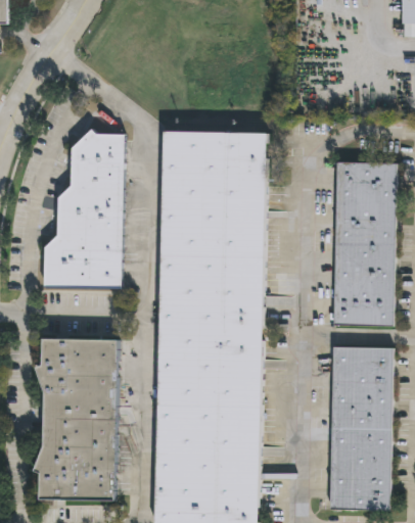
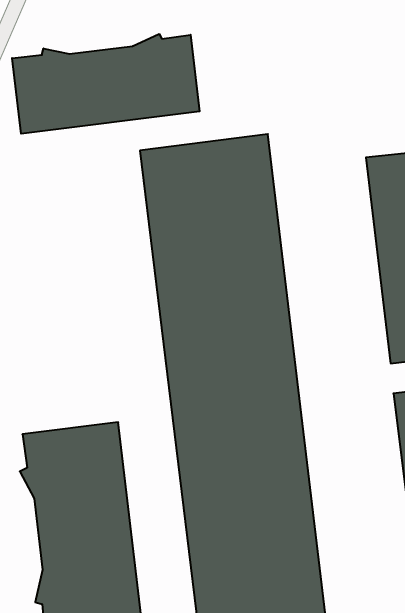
building: none -> [12,34,200,134]
building: [43,133,123,288] -> none

